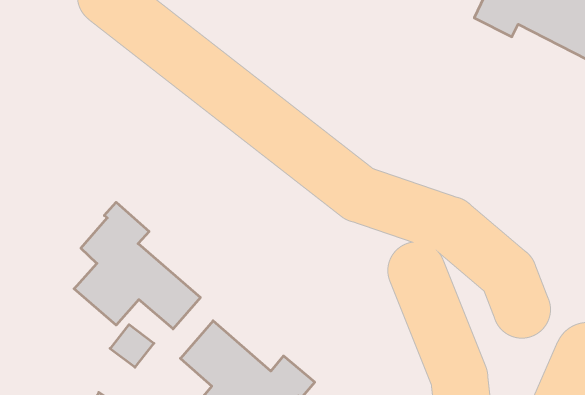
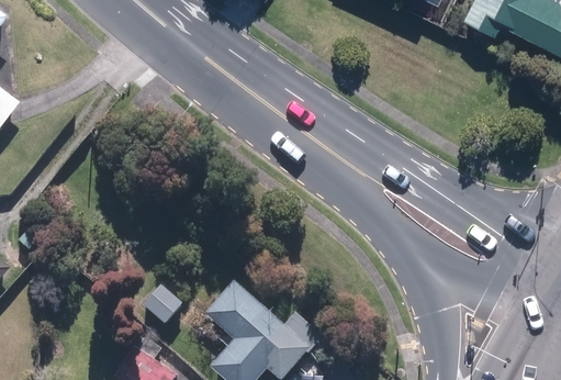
building: [74,202,200,329] -> none

